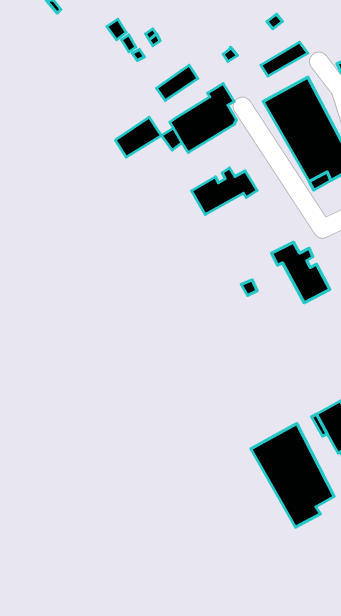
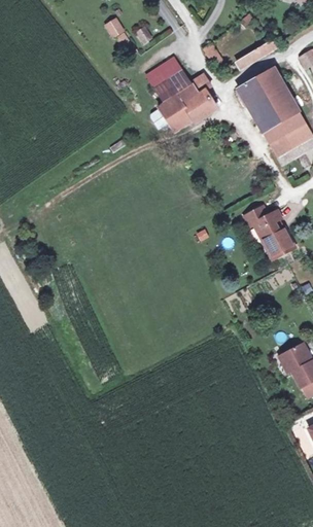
building: [115,117,161,157] -> [152,69,192,103]
building: [191,168,257,214] -> none
building: [251,423,334,527] -> none

